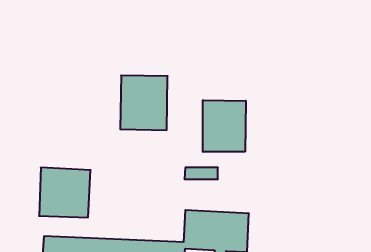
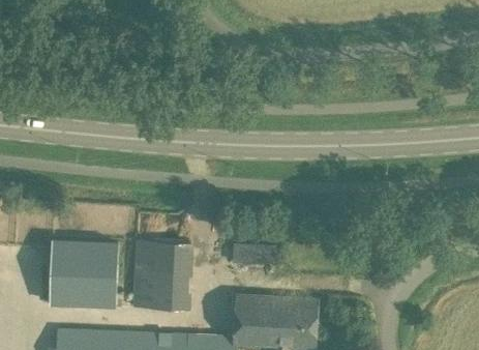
building: [120,75,168,130] -> [136,237,196,307]
building: [203,100,246,152] -> none

